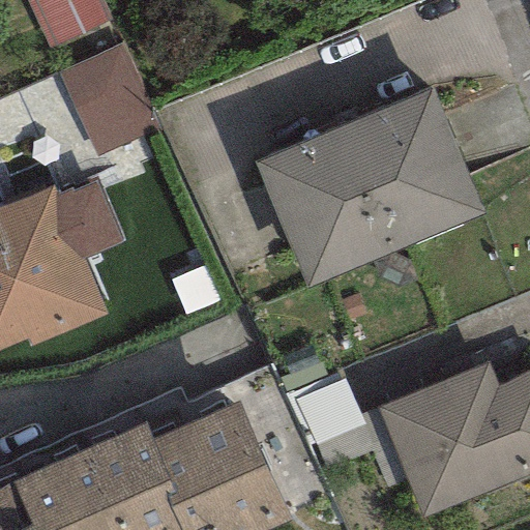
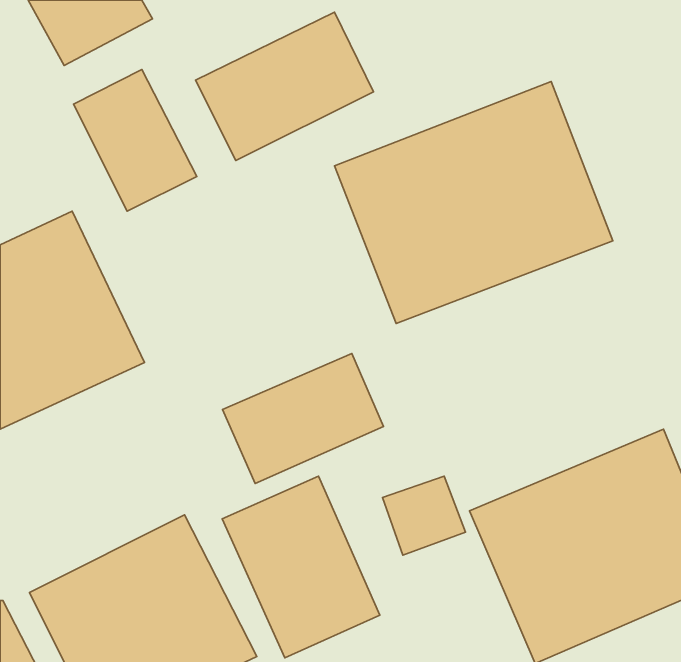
building: none -> [196,12,374,161]
building: none -> [222,353,383,483]

